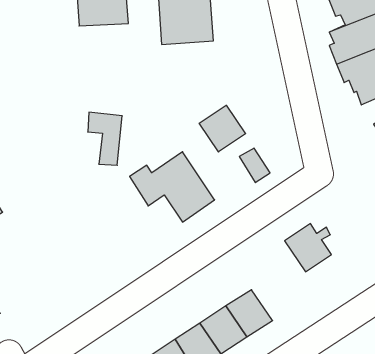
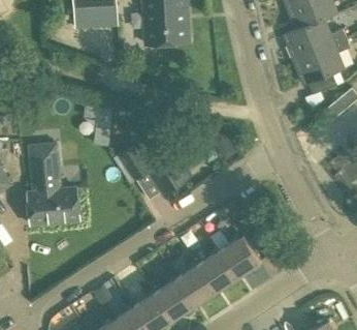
building: [199,105,246,152] -> none
building: none -> [27,142,82,227]
building: [285,224,331,272] -> [221,236,260,276]

